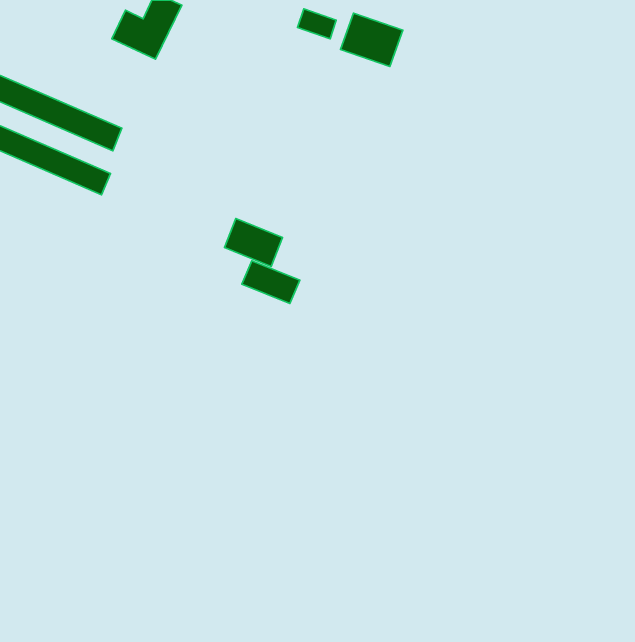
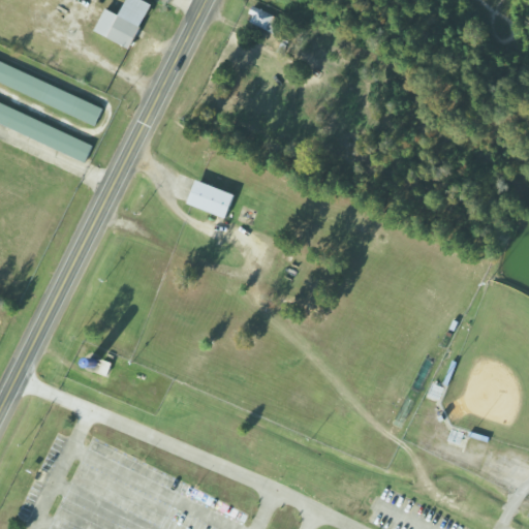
building: [341,13,403,67] -> none
building: [242,261,300,304] -> none

